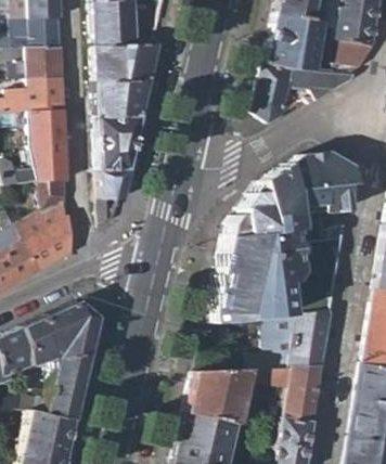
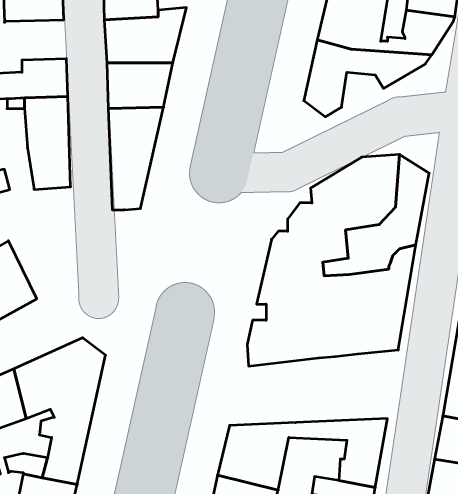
building: [15,46,64,78] -> none
building: [17,180,70,270] -> none
building: [247,311,331,370] -> none

